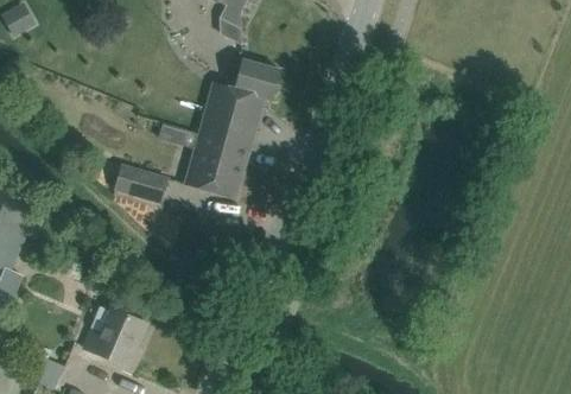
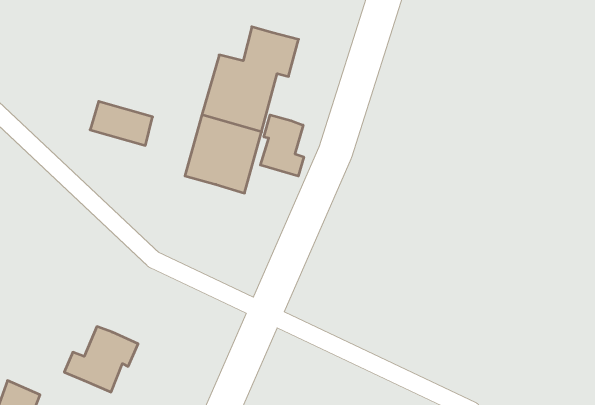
building: none -> [260,115,304,176]
building: [115,165,167,202] -> [90,101,153,145]

